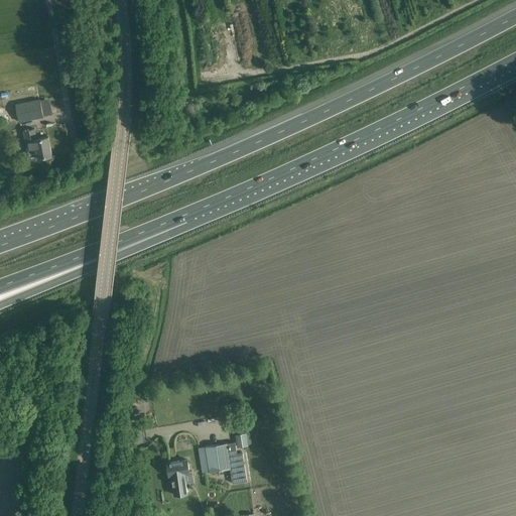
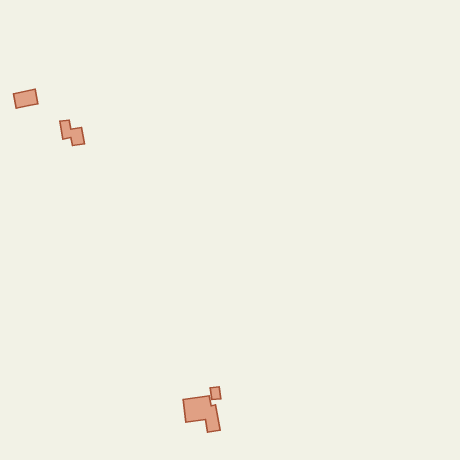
building: [23,130,50,158] -> [60,120,84,145]
building: [166,461,188,496] -> none

